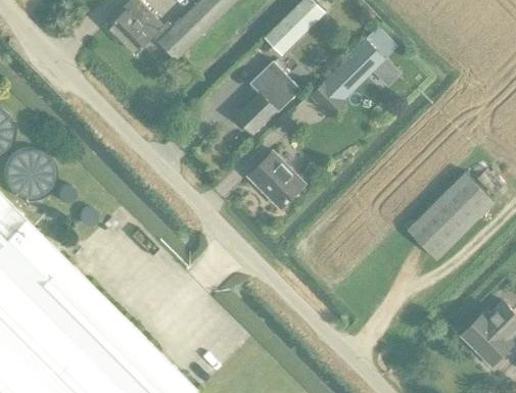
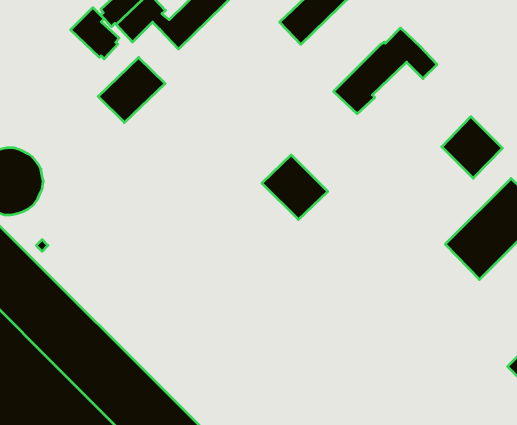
building: none -> [71,8,119,59]
building: [236,59,300,133] -> none
building: none -> [98,57,165,123]
building: none -> [442,117,502,178]

